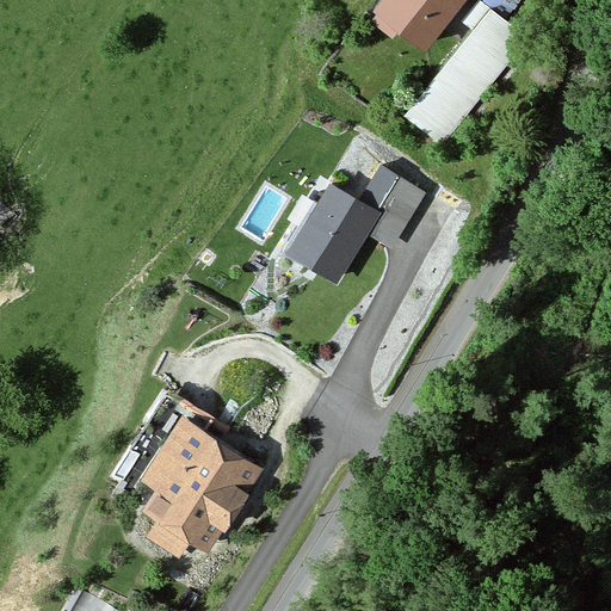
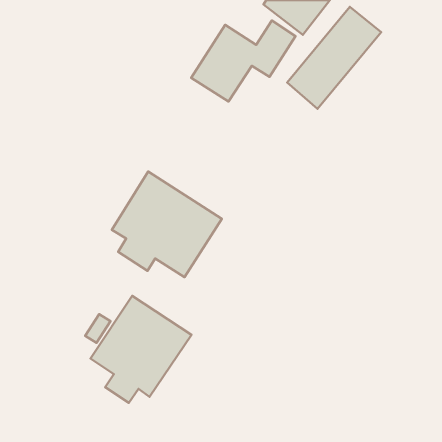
building: [286,169,430,280] -> [191,20,295,101]
building: none -> [112,172,222,277]

